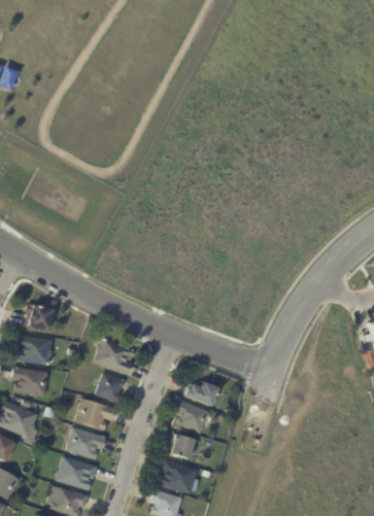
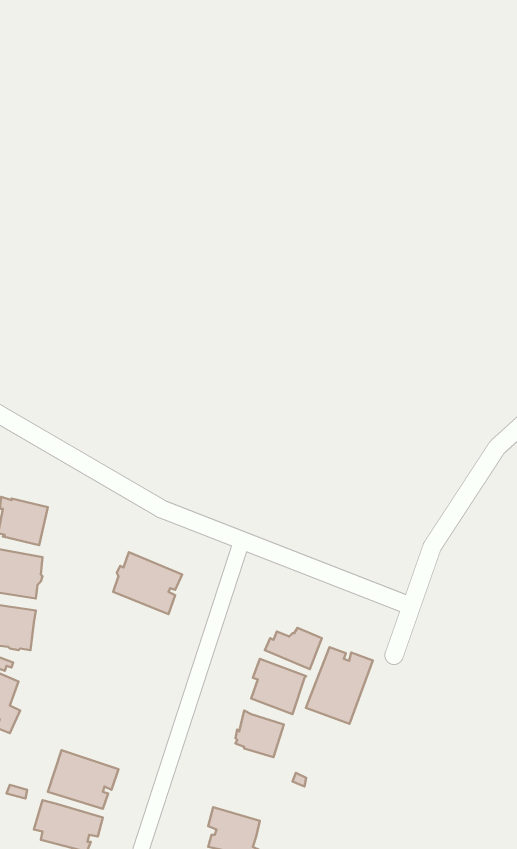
building: [95,372,124,402] -> none
building: none -> [306,647,373,724]
building: [75,399,115,431] -> none
building: [66,426,106,459] -> none
building: [158,459,199,494] -> none

